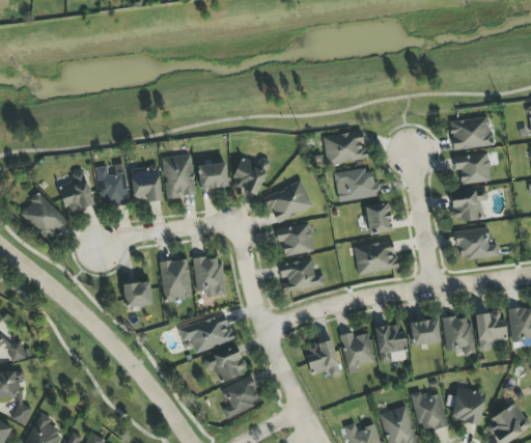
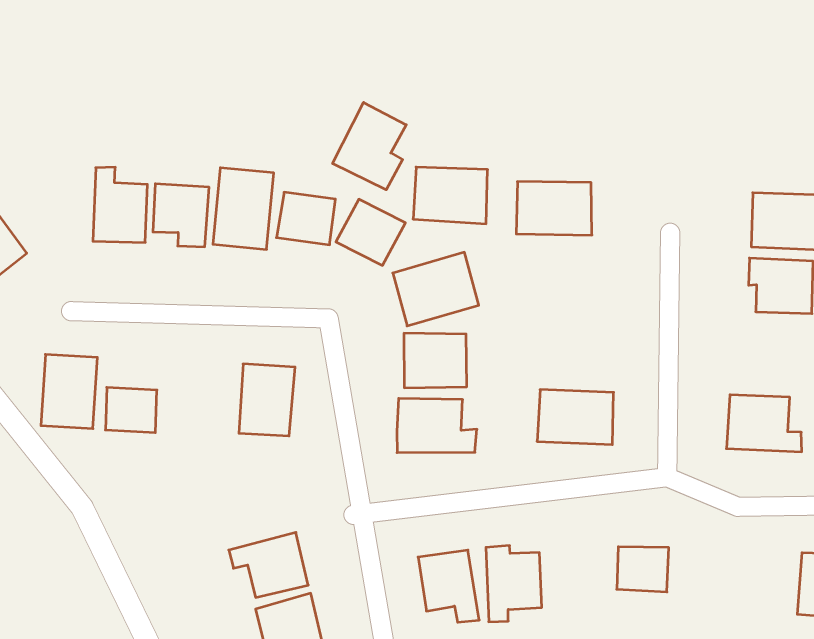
building: none -> [333,102,406,190]
building: [335,167,378,200] -> [413,167,488,224]
building: [59,168,94,213] -> none
building: [449,188,488,221] -> none
building: [364,201,393,233] -> none
building: [160,258,192,300] -> [41,354,97,429]
building: [475,310,505,351] -> none
building: [177,312,234,352] -> none
building: [444,315,474,355] -> none
building: [374,323,406,363] -> none

